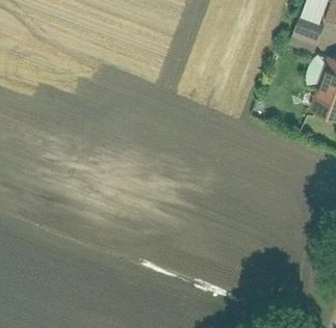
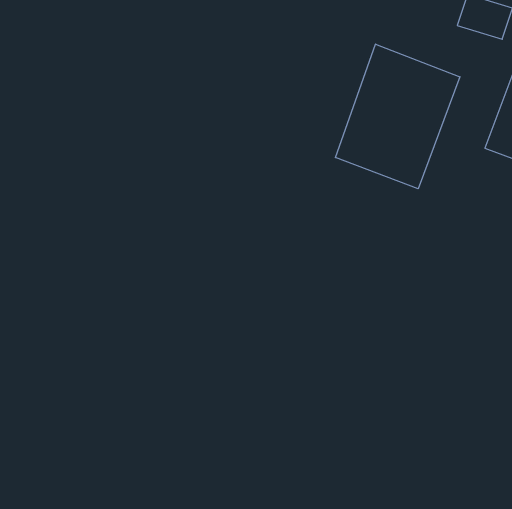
building: none -> [335,44,460,189]

